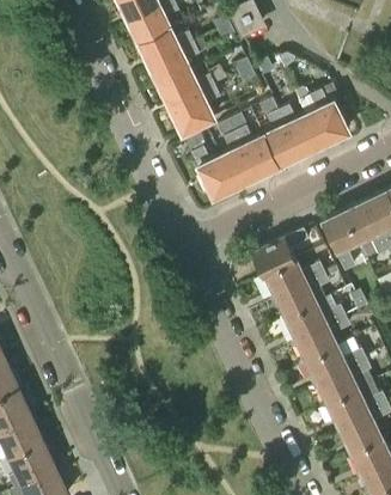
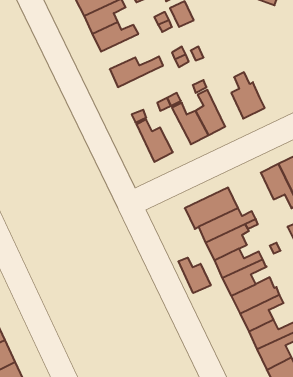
building: [148,43,198,86] -> none
building: [169,86,220,134] -> none
building: [277,105,320,155] -> none
building: [220,133,257,187] -> none
building: [319,212,358,271] -> none
building: none -> [178,258,211,293]

